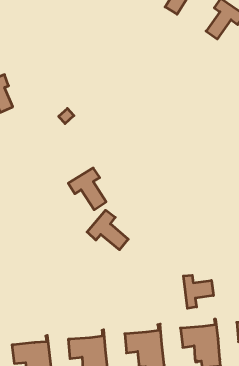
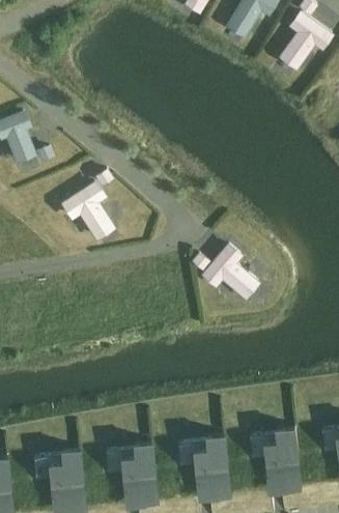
building: [68,168,106,210] -> [63,181,112,235]
building: [87,210,128,250] -> [205,244,258,294]
building: [183,275,213,308] -> none

